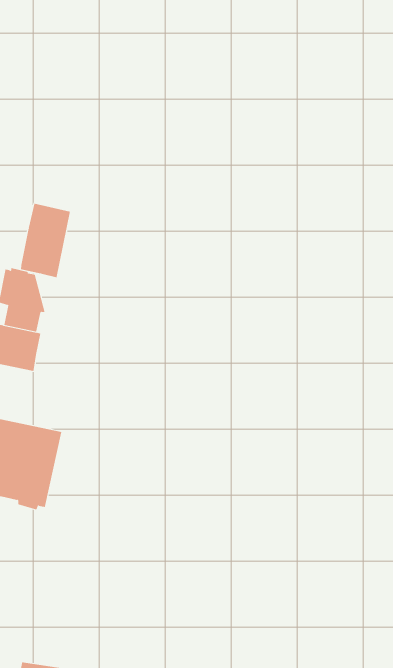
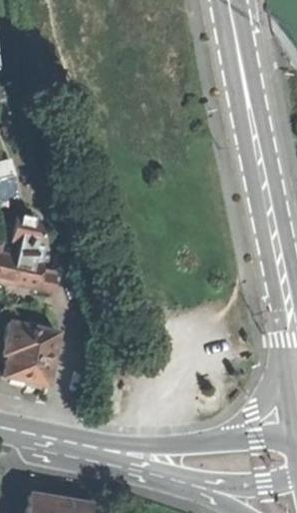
building: [20,203,71,278] -> none

